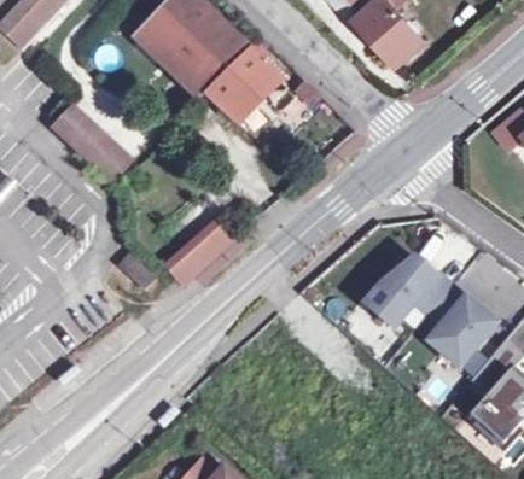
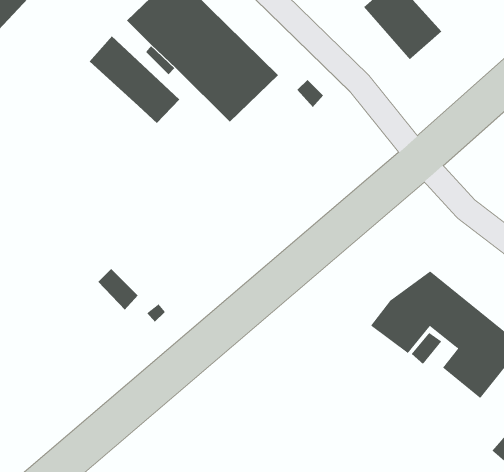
building: [51,104,132,182] -> [89,36,180,124]
building: [163,220,233,287] -> none

